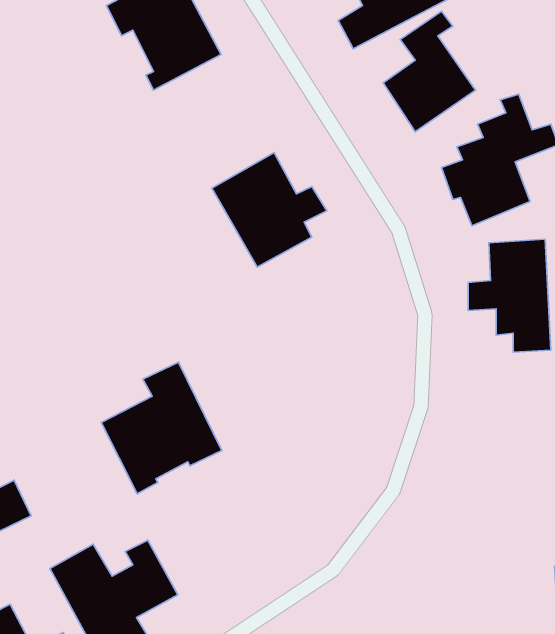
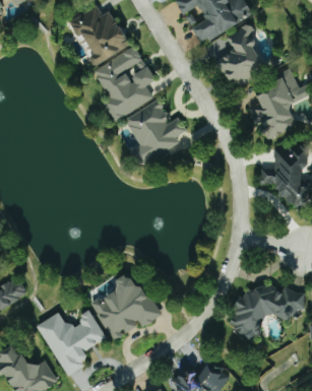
building: none -> [93,46,154,120]
building: [101,362,222,494] -> [92,269,158,340]
building: none -> [231,281,305,341]

